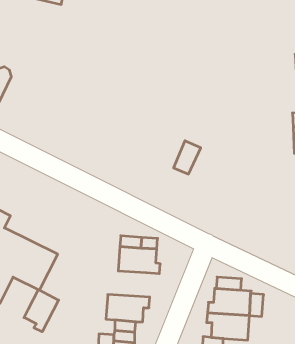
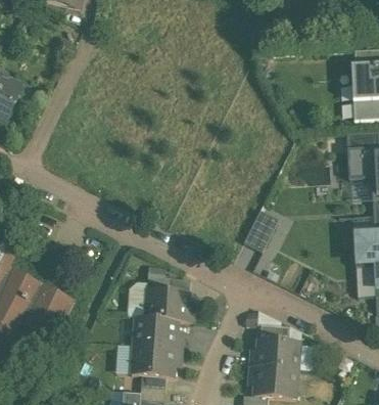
building: [174,141,201,174] -> [245,210,277,249]
building: none -> [133,316,183,348]
building: [24,290,59,332] -> none

